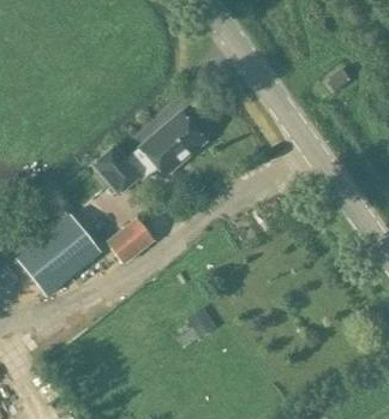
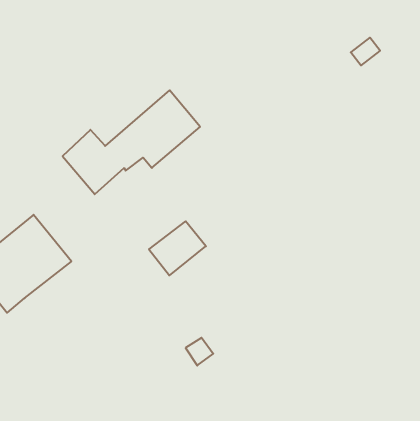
building: [106,217,152,262] -> [149,221,206,275]

